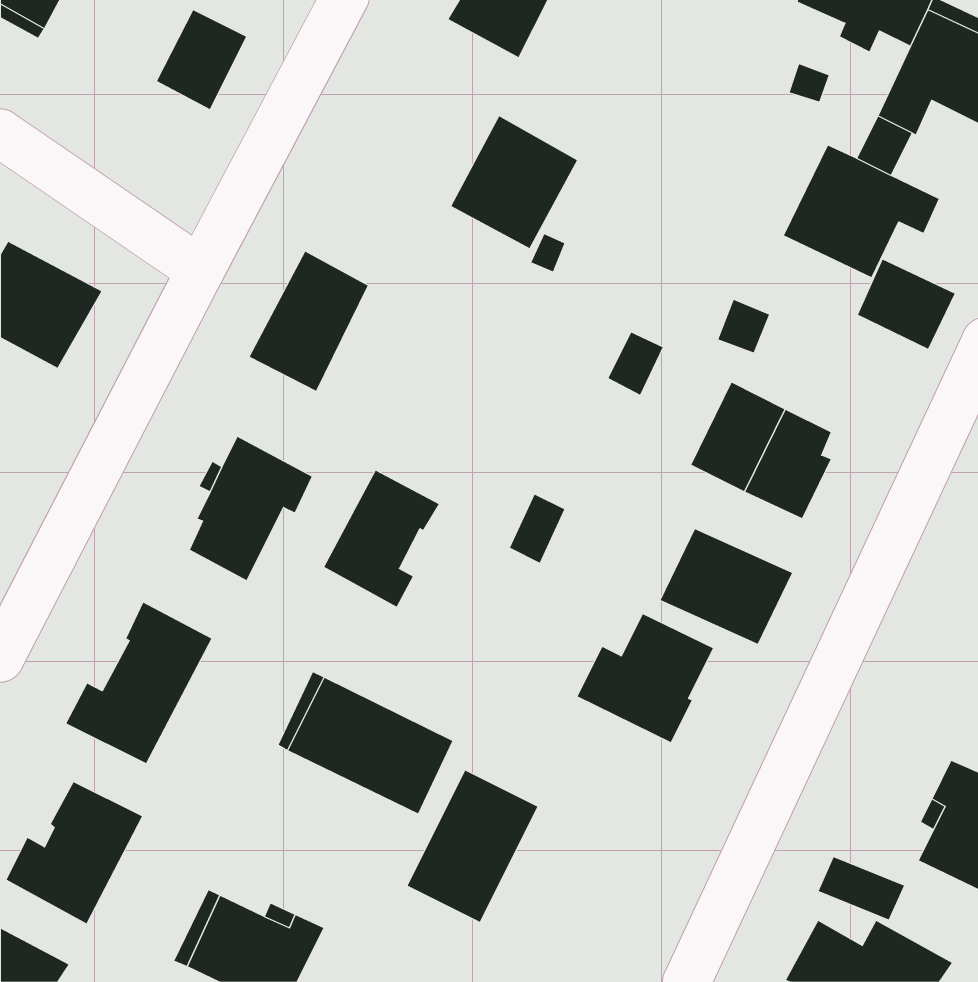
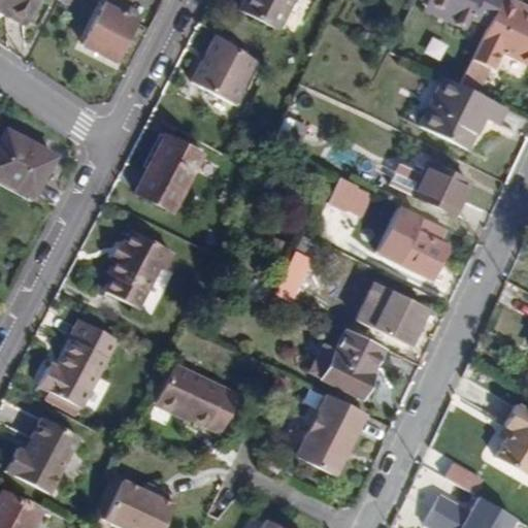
building: [451,116,578,249] -> [192,35,260,106]
building: [857,259,956,349] -> [416,164,468,212]
building: [324,470,439,607] -> none
building: [407,770,538,922] -> [295,393,365,474]

